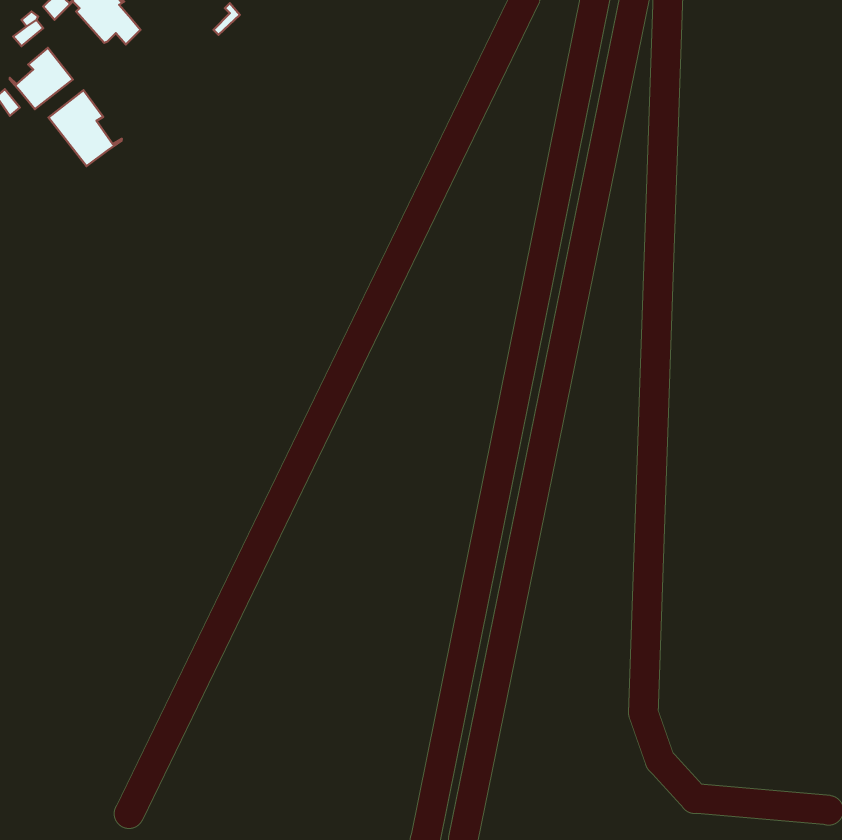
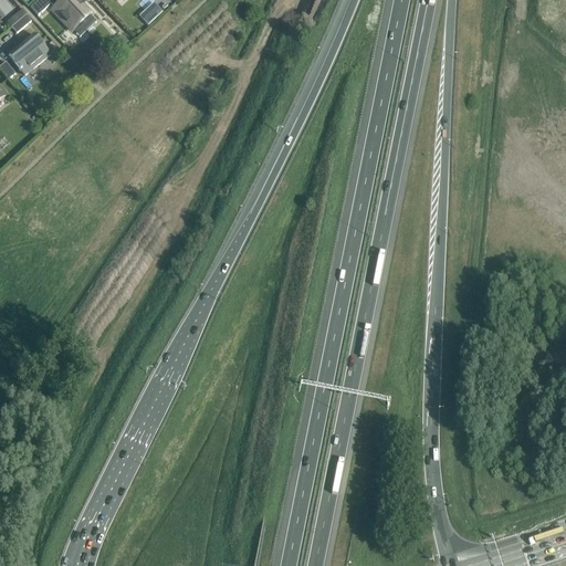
building: [48,90,122,166] -> none

